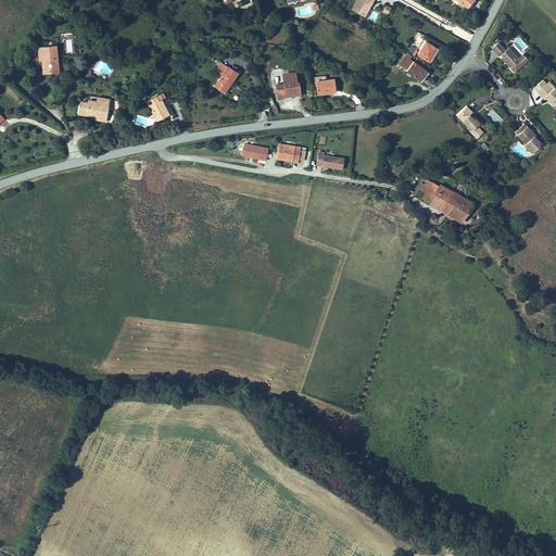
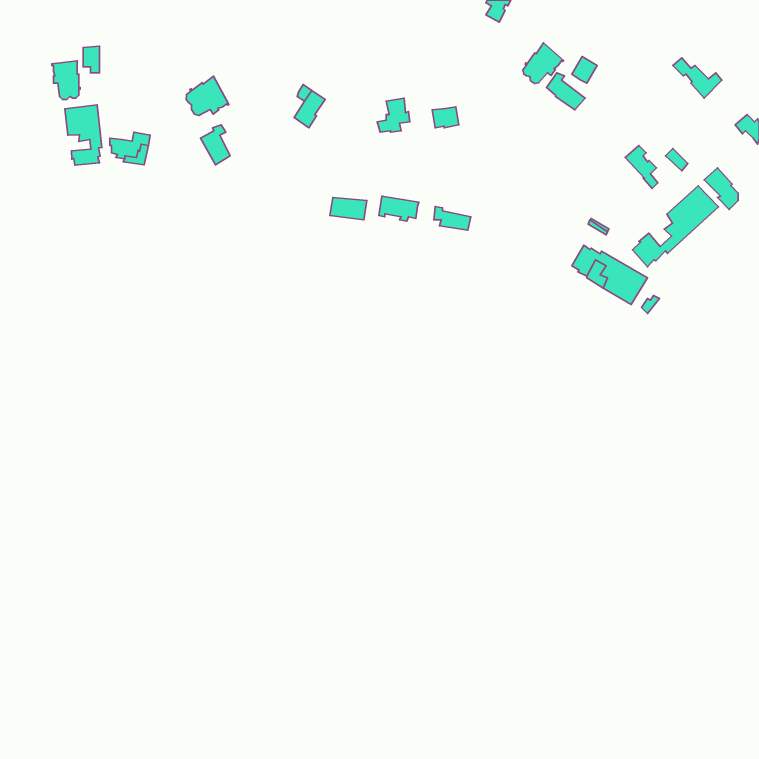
building: none -> [523,43,564,83]
building: none -> [186,76,229,116]
building: none -> [65,105,102,165]
building: none -> [632,186,719,267]

